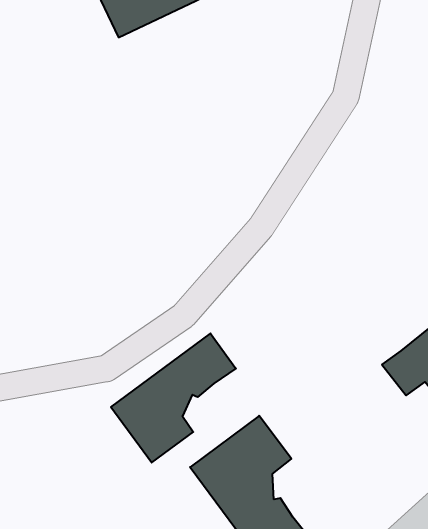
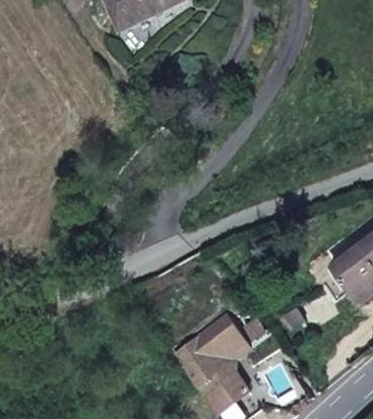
building: [111,333,236,463] -> none

